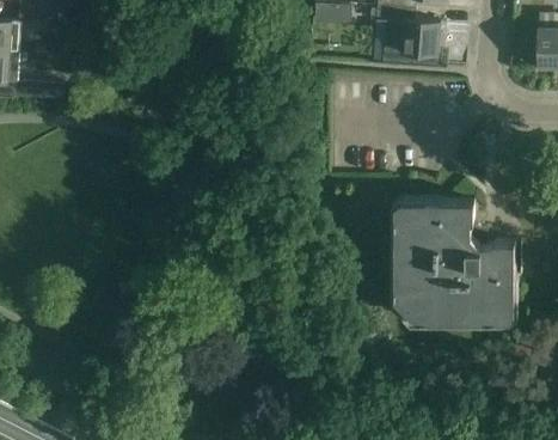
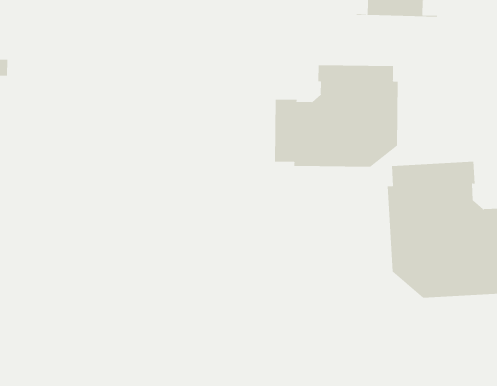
building: none -> [275,65,398,167]

